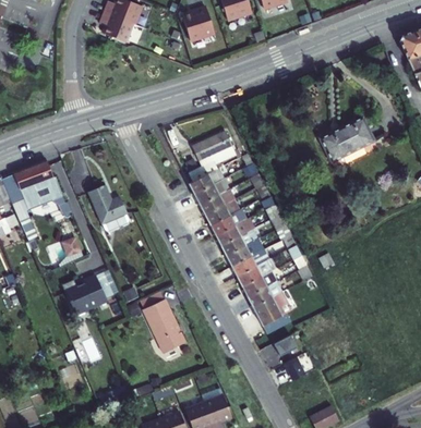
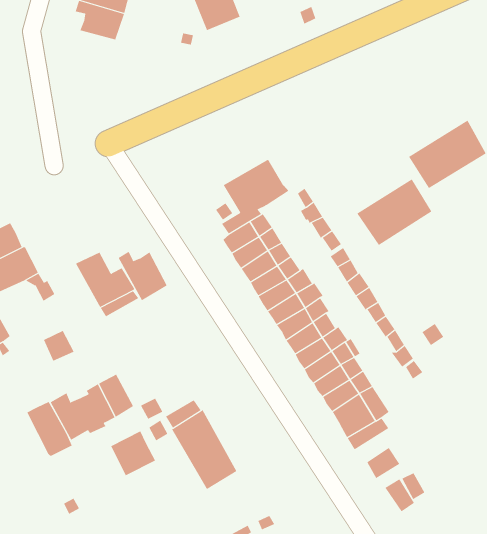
building: none -> [356,179,432,246]
building: none -> [118,251,167,301]
building: none -> [27,401,73,457]
building: none -> [111,430,156,476]

